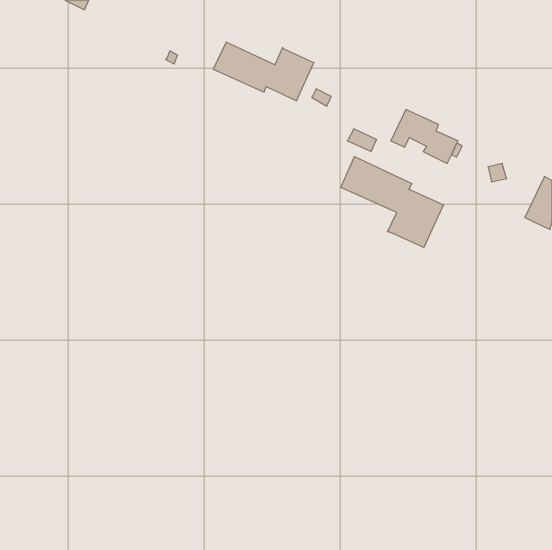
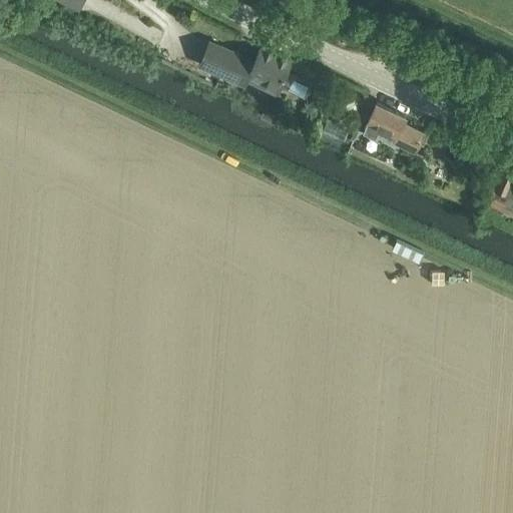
building: [341,157,443,247] -> none

